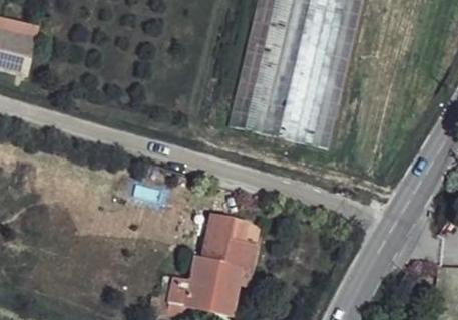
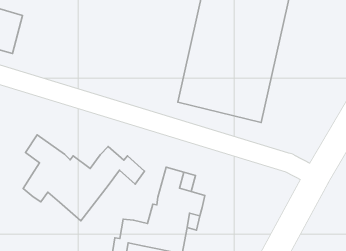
building: none -> [23,135,144,221]

